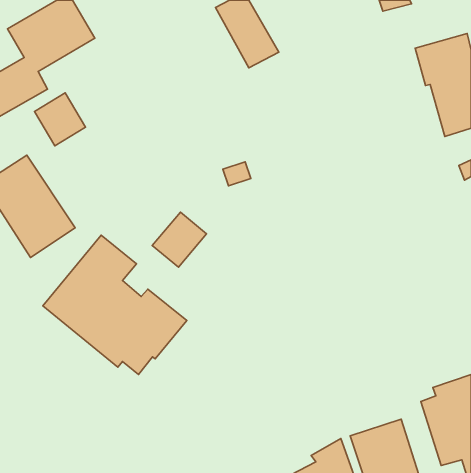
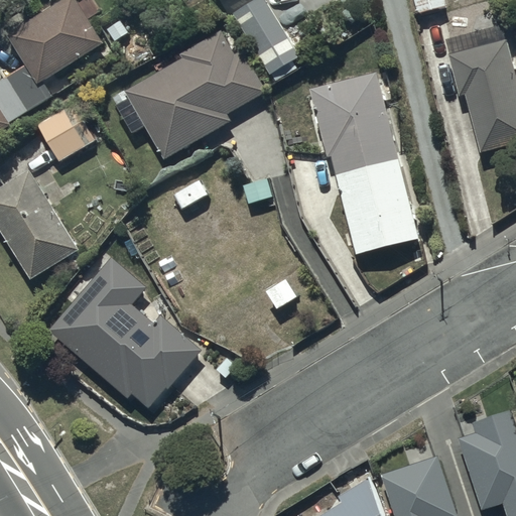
building: none -> [111,29,267,160]
building: none -> [308,71,419,255]
building: [152,212,206,267] -> none

